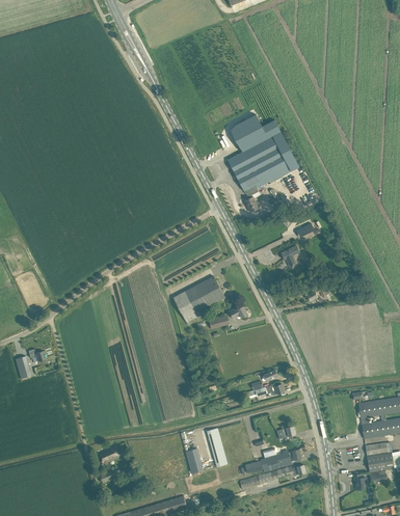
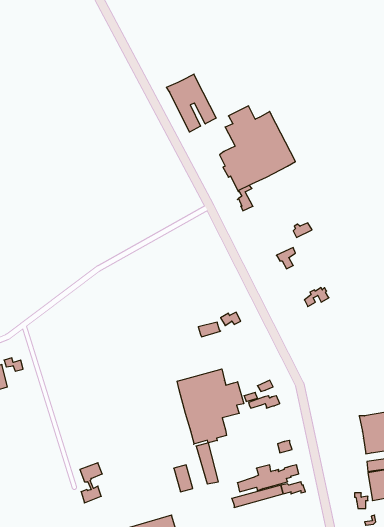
building: none -> [166,74,216,132]
building: [172,276,224,325] -> none
building: none -> [177,369,244,444]

